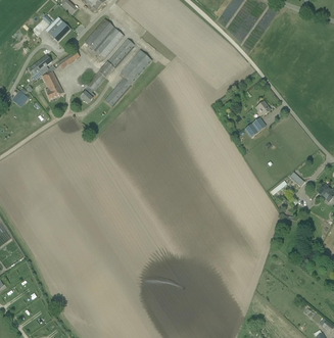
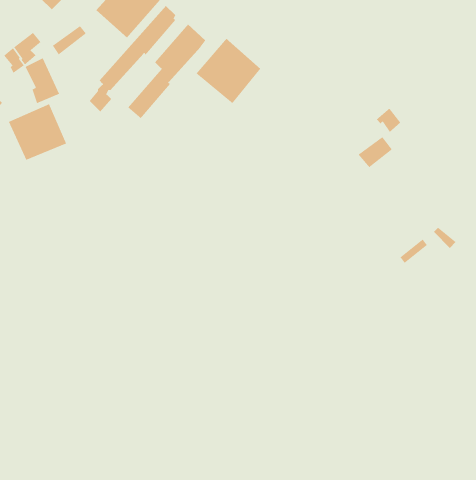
building: none -> [196,38,261,104]
building: none -> [8,103,67,161]

